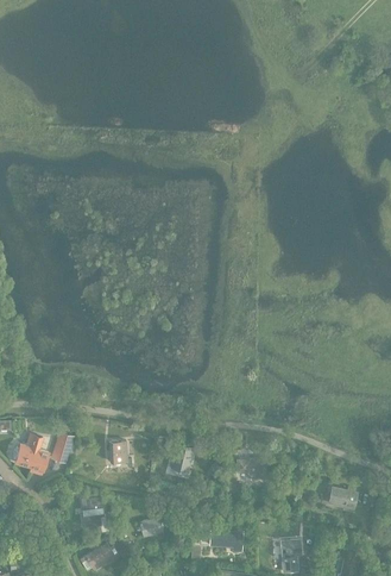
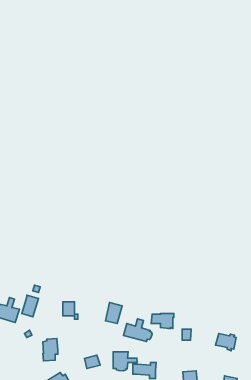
building: none -> [124,319,152,342]
building: none -> [113,352,137,371]

